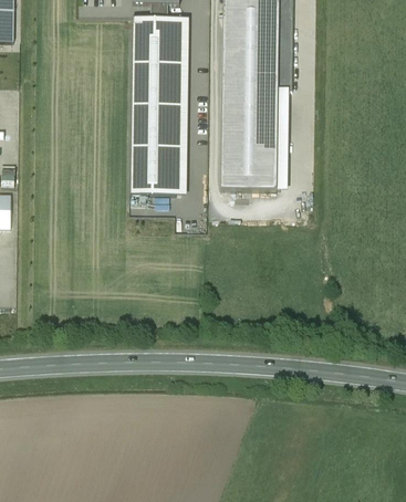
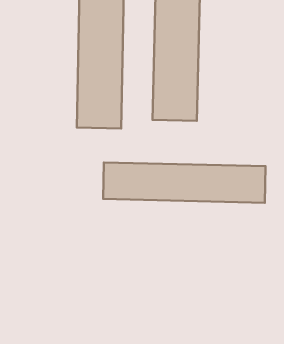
building: none -> [103,163,266,203]

